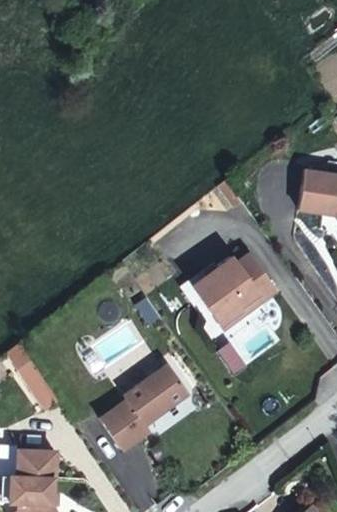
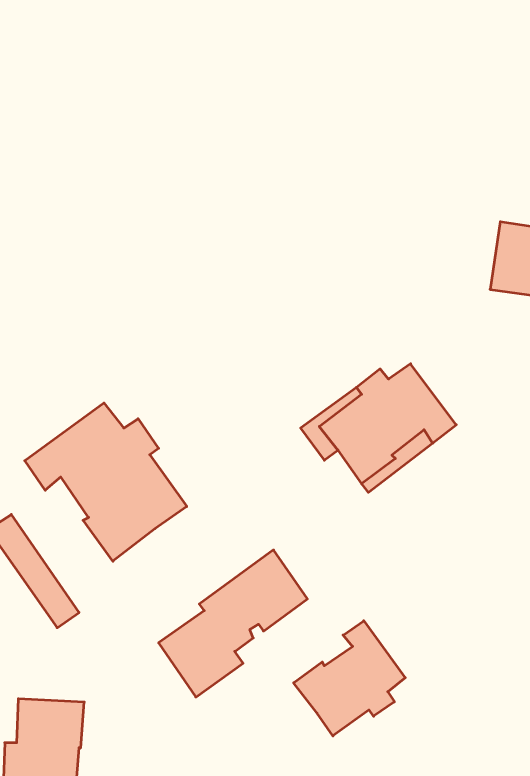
building: none -> [25,403,187,561]
building: none -> [294,621,405,736]

